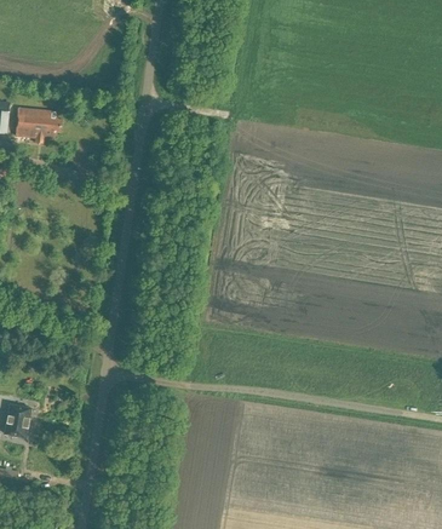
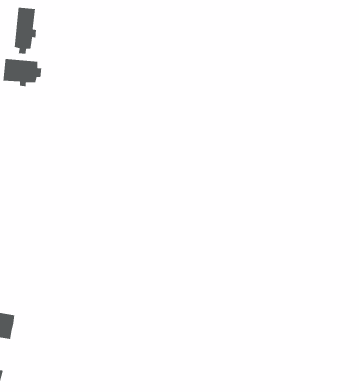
building: none -> [14,7,37,54]

